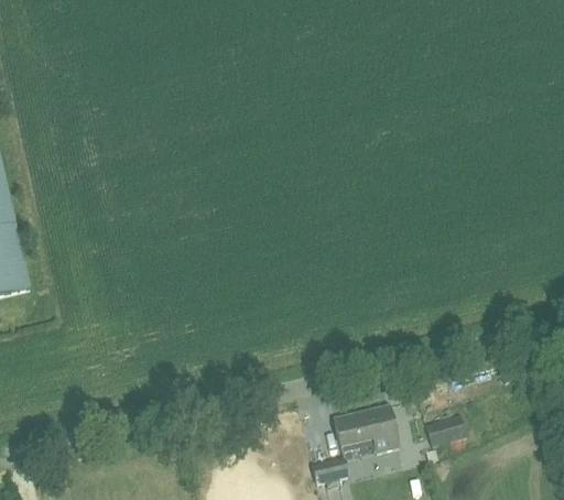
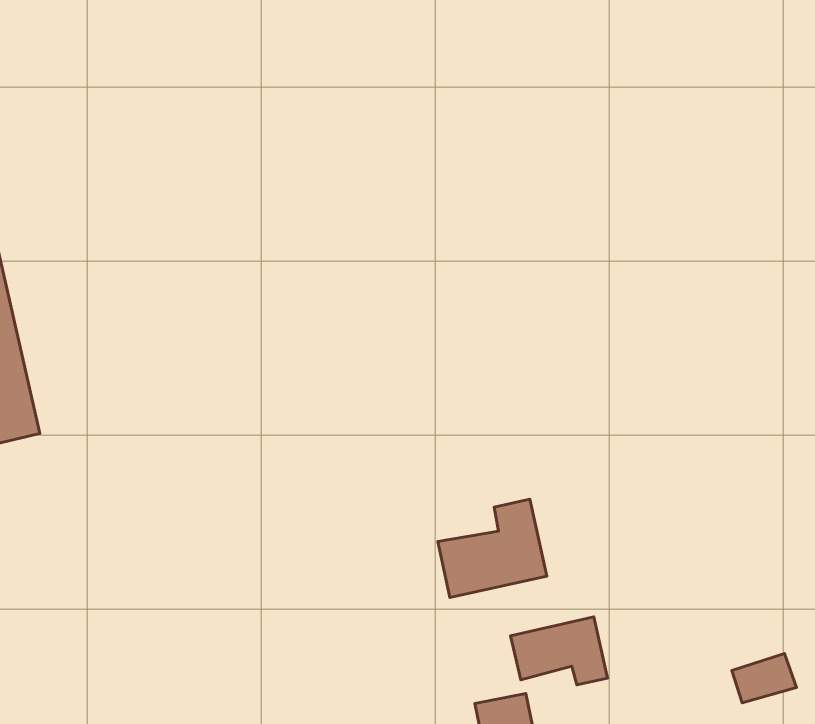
building: none -> [438,499,547,598]
building: [424,414,466,446] -> [732,654,796,703]

